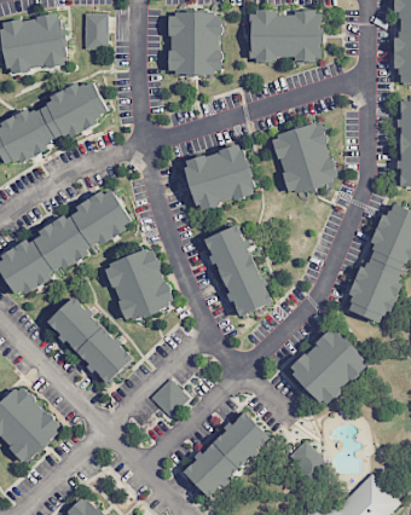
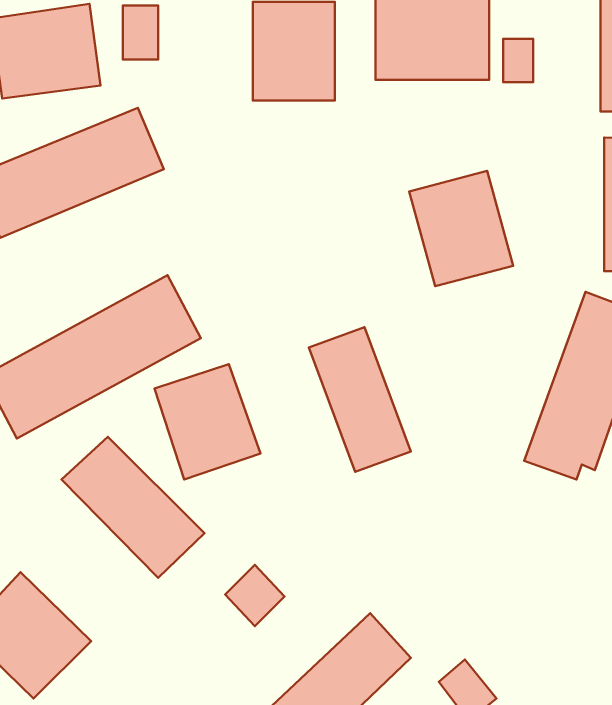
building: none -> [503,39,533,82]
building: [181,143,256,210] -> none
building: [285,325,369,409] -> none

